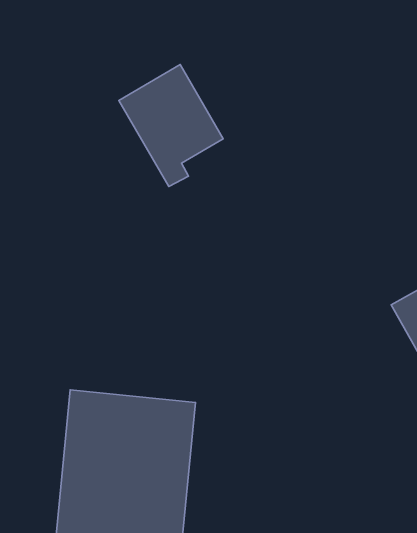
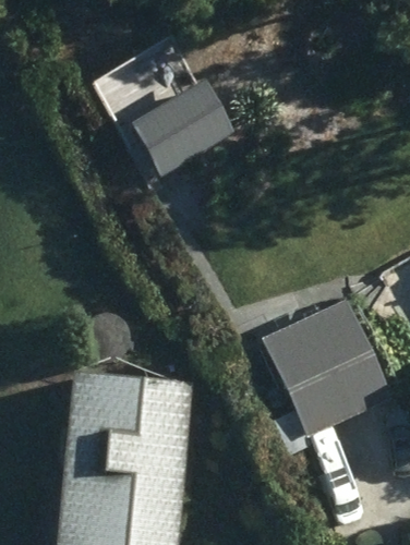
building: none -> [266,303,393,435]

